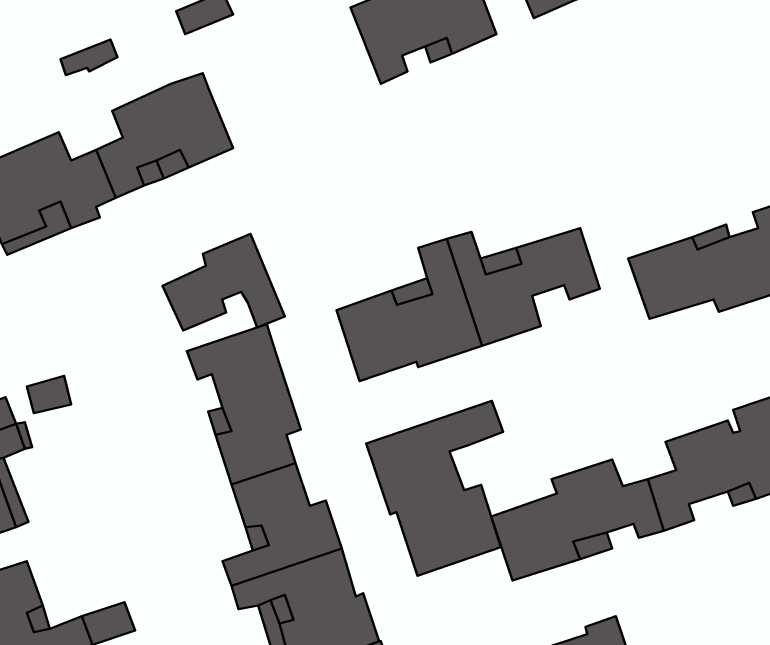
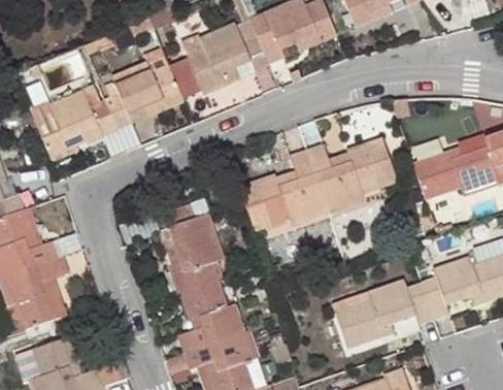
building: none -> [181,17,268,89]
building: [163,234,285,330] -> none
building: [366,401,503,576] -> none

